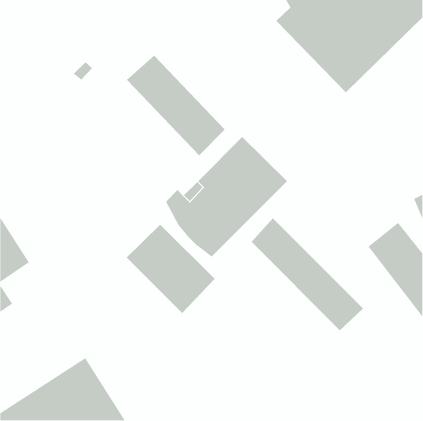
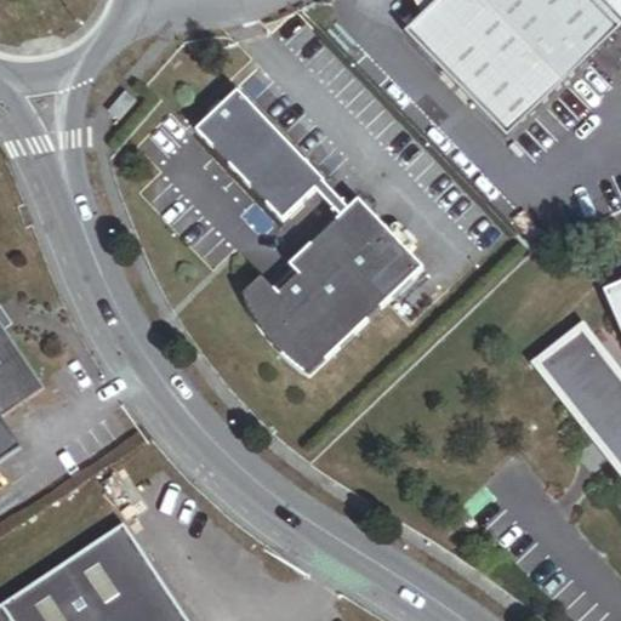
building: [251,217,364,331] -> none
building: [126,224,215,314] -> none

